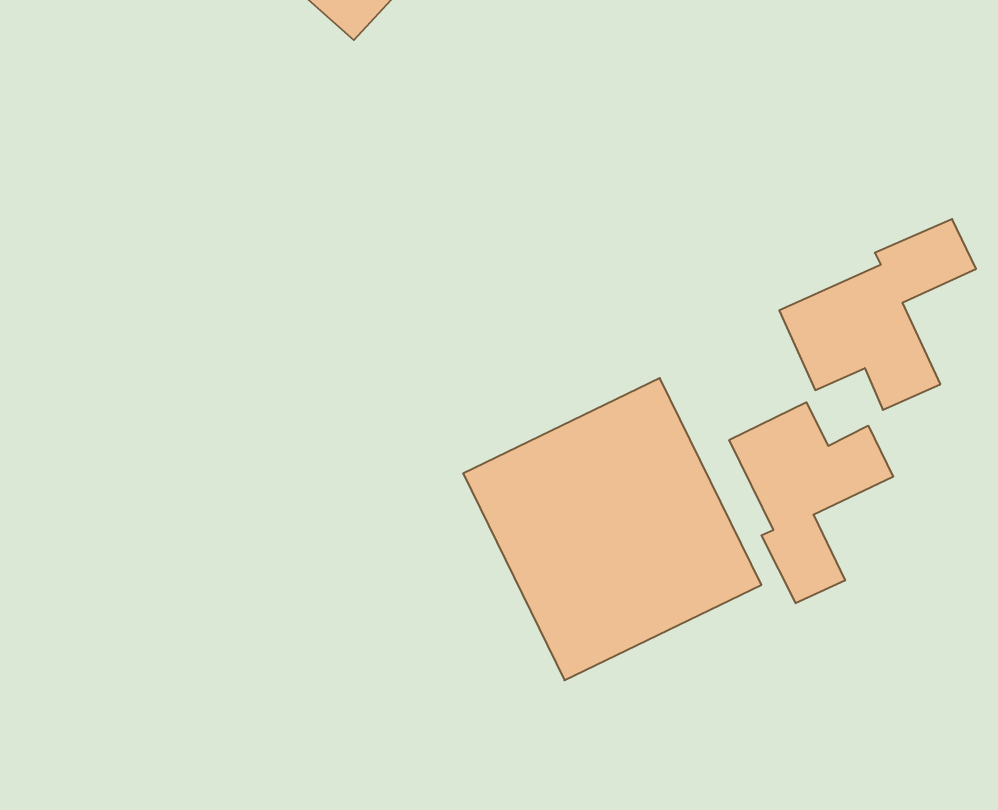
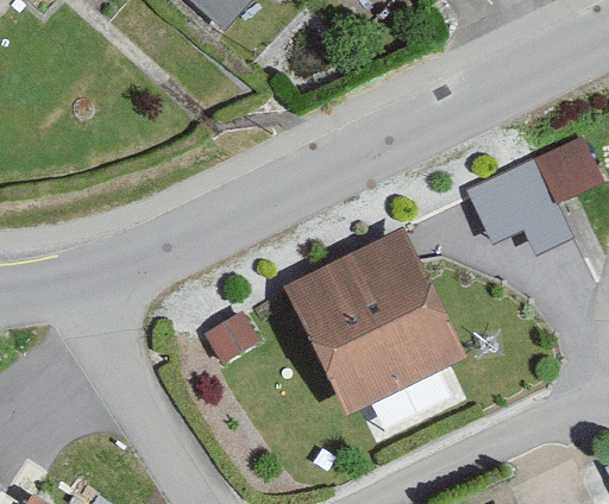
building: [729,402,893,603] -> none

